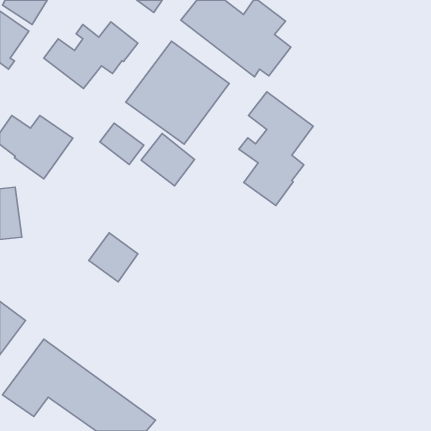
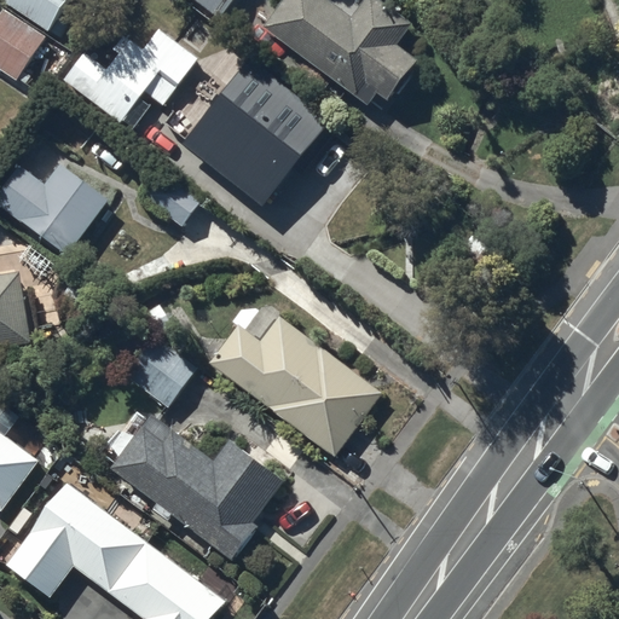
building: [239,92,313,206] -> none
building: [141,133,195,186] -> none
building: none -> [209,300,381,451]
building: none -> [104,406,284,555]

